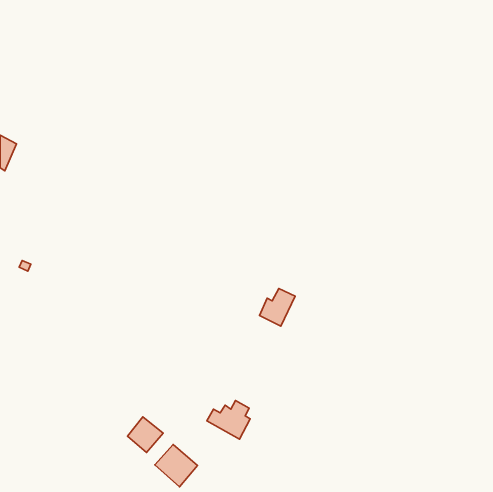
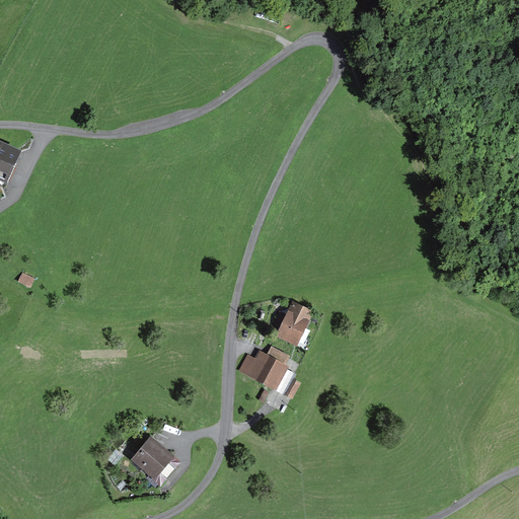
building: [207,400,250,439] -> [241,348,287,388]
building: [155,445,198,487] -> none

